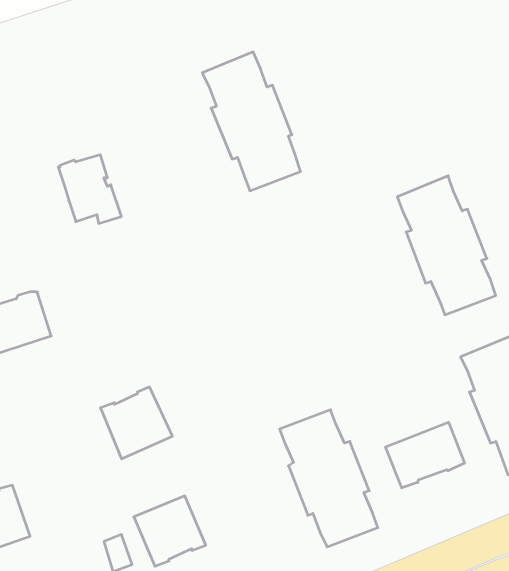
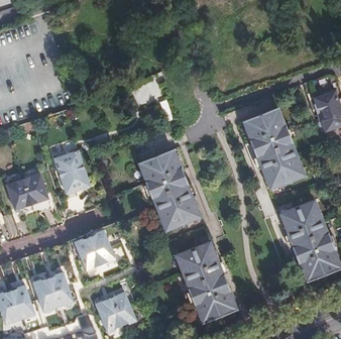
building: [202,52,301,191] -> [141,149,198,229]
building: [58,155,121,223] -> [53,152,90,192]
building: [386,422,464,488] -> none
building: none -> [33,272,74,312]

